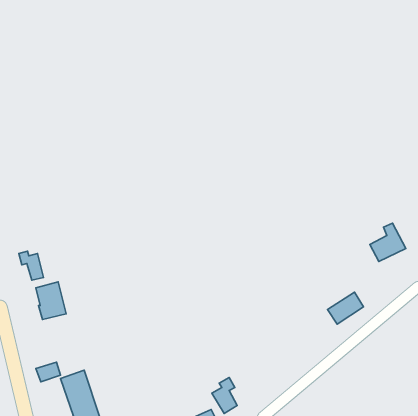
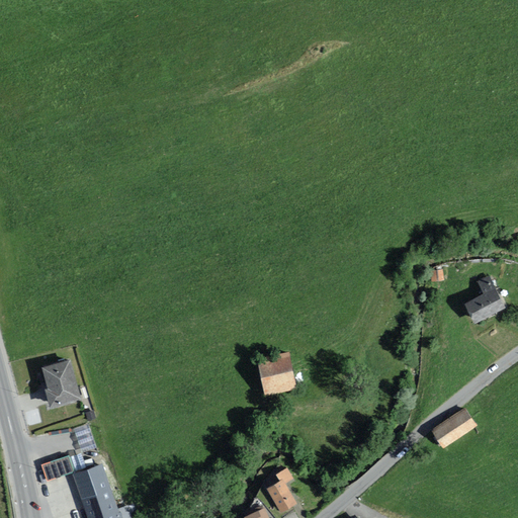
building: [19,251,44,280] -> none
building: none -> [256,356,296,401]
building: [327,292,363,324] -> [429,412,473,451]

